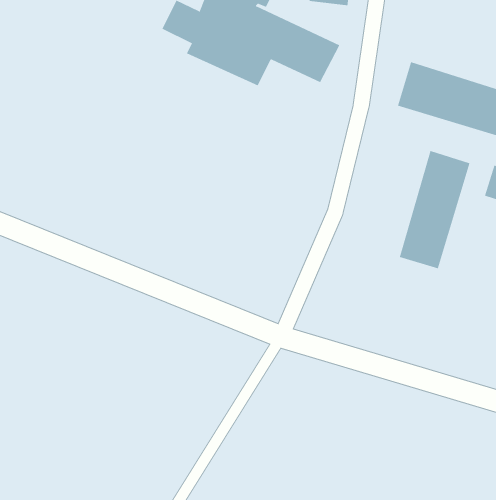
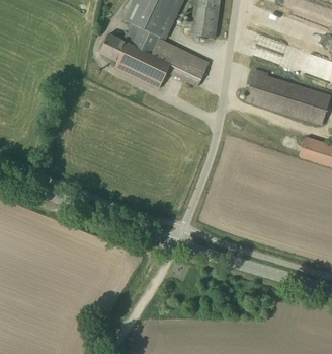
building: [399,150,470,269] -> none

